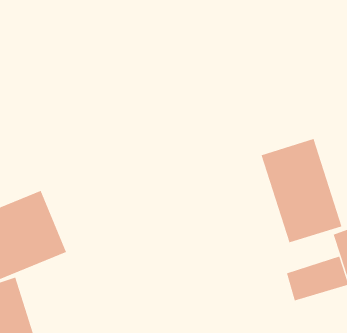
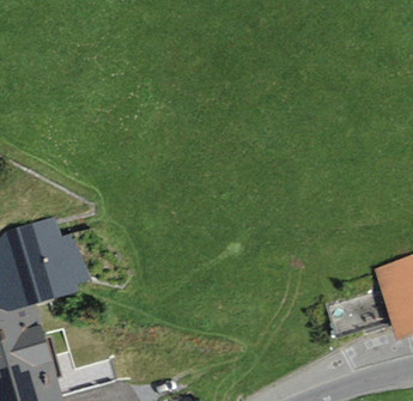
building: [261,138,342,243] -> none

